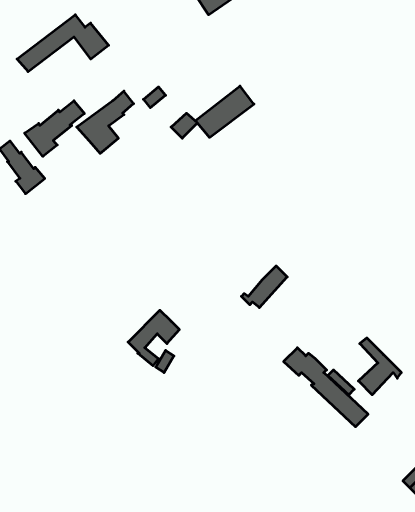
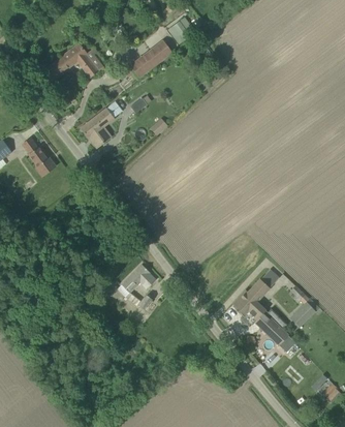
building: [196,86,254,137] -> [128,39,171,78]
building: [25,101,84,156] -> none
building: [241,266,287,308] -> [243,270,277,301]

